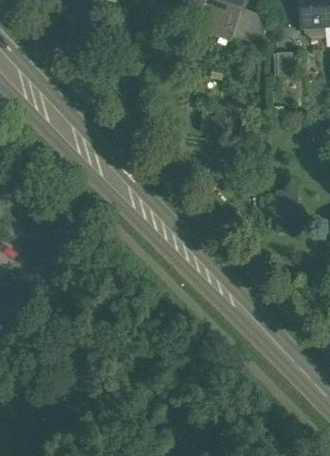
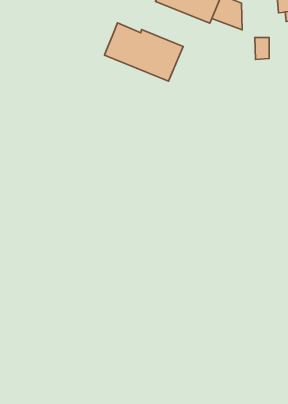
building: none -> [104,23,183,81]

